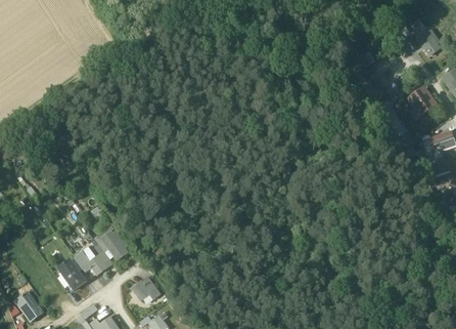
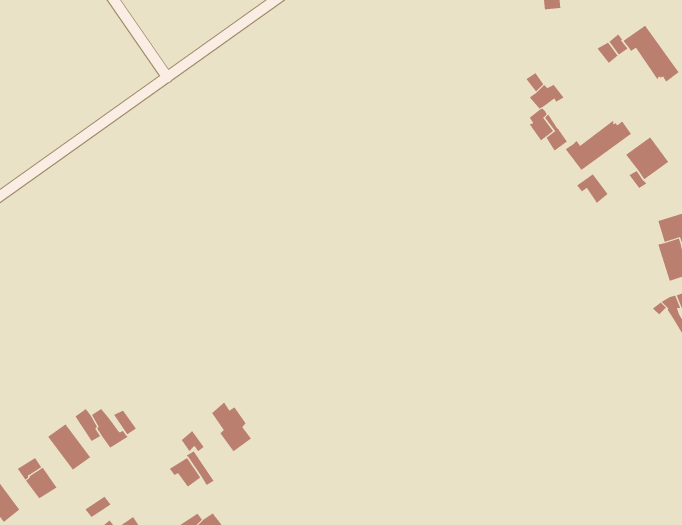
building: none -> [564,120,632,171]
building: [103,231,128,261] -> [211,401,252,452]

